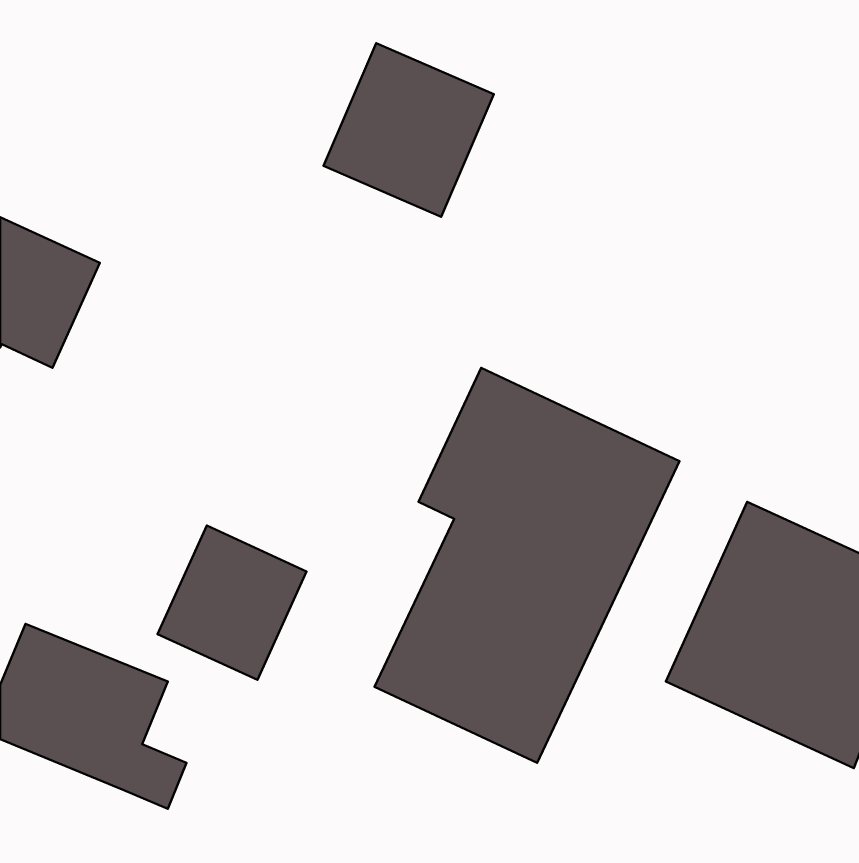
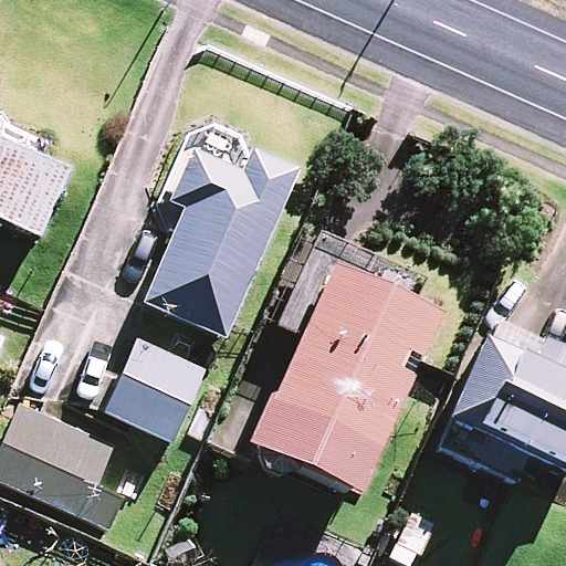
building: [323,43,494,217] -> none
building: none -> [145,151,295,338]

